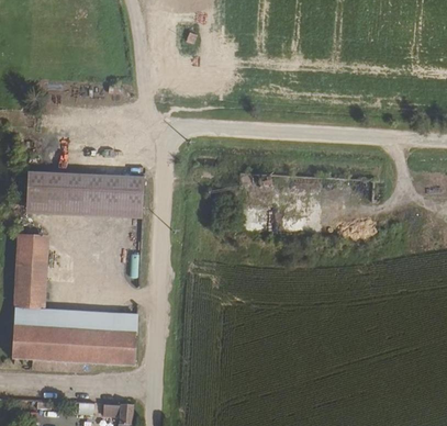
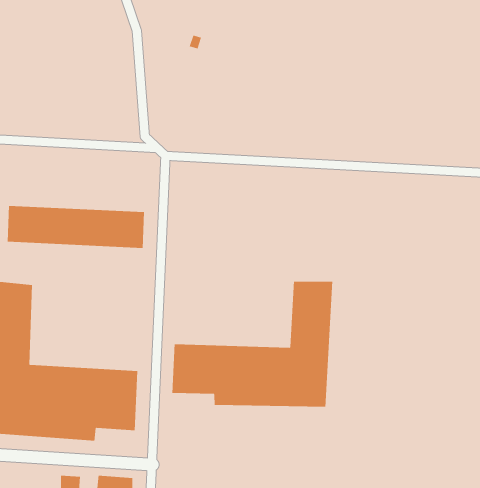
building: none -> [172,281,333,408]

